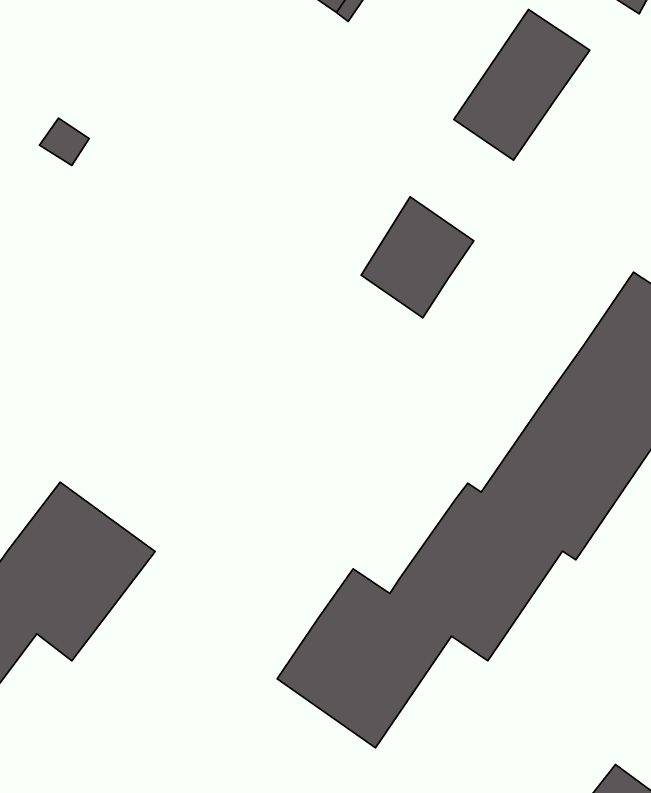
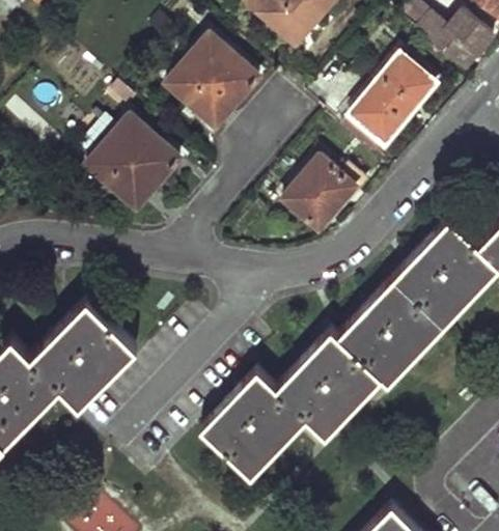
building: none -> [165,33,258,127]
building: none -> [86,113,181,206]

